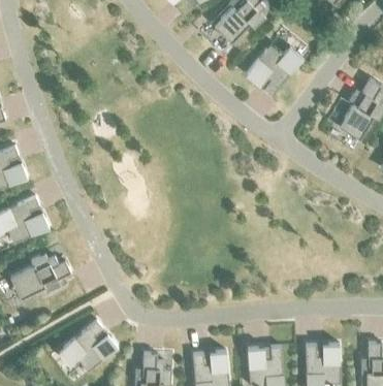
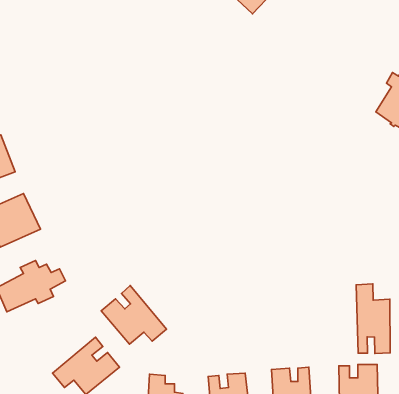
building: [247,44,301,94] -> none
building: none -> [356,284,390,354]
building: none -> [101,285,167,344]

